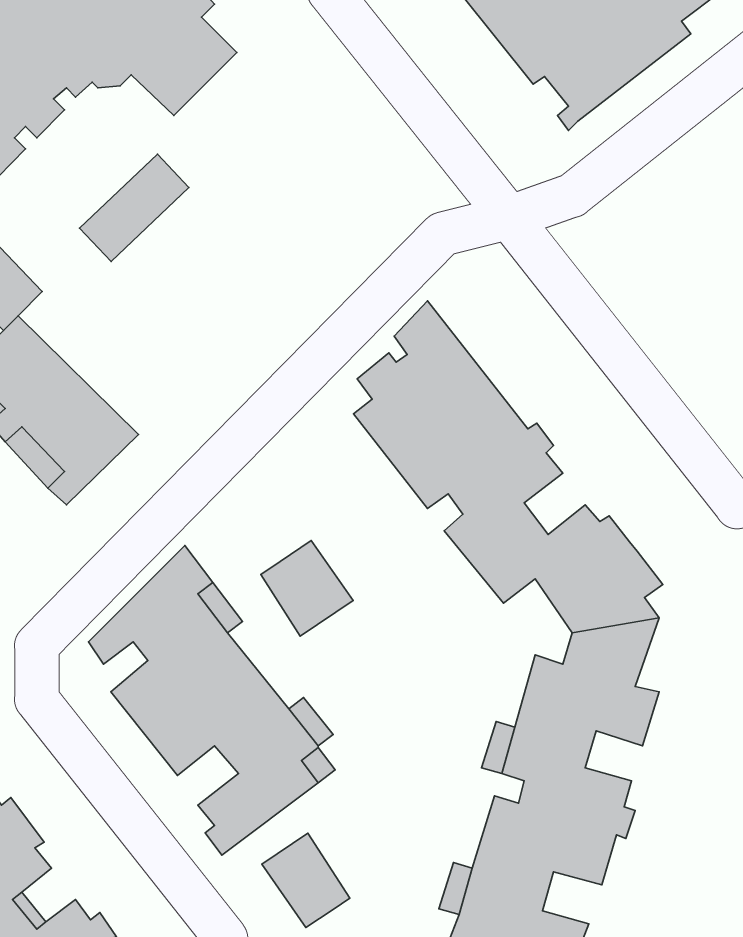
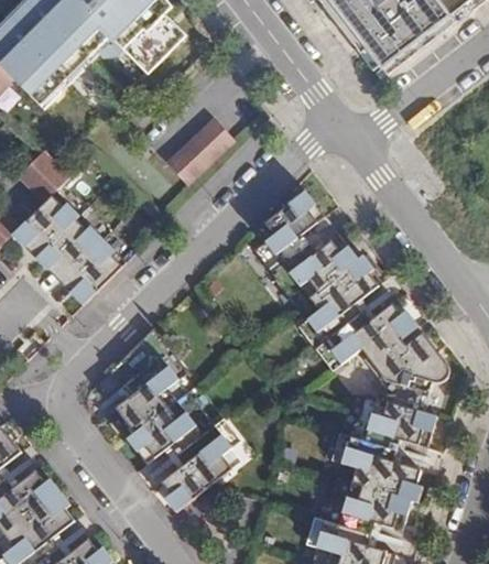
building: [80,154,189,262] -> [167,119,232,183]
building: [261,541,353,636] -> none
building: [262,833,350,928] -> none

